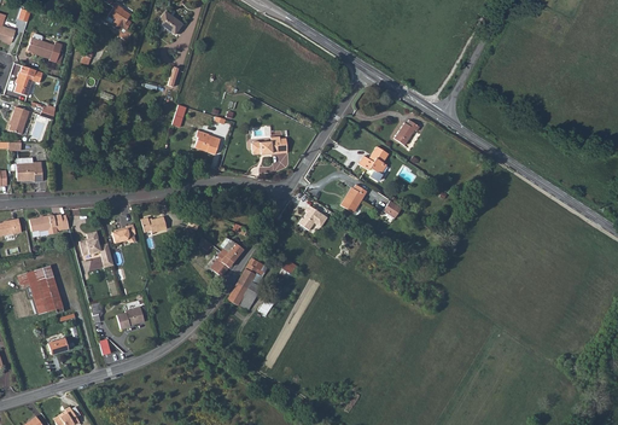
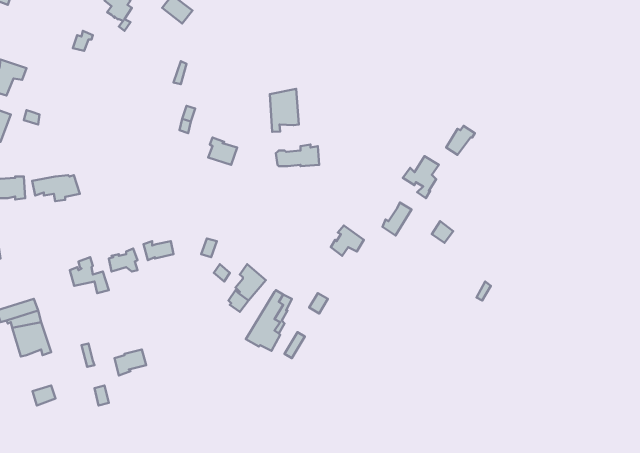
building: [27,34,63,63] -> none
building: none -> [270,89,299,132]
building: [30,215,70,237] -> [32,175,80,201]

